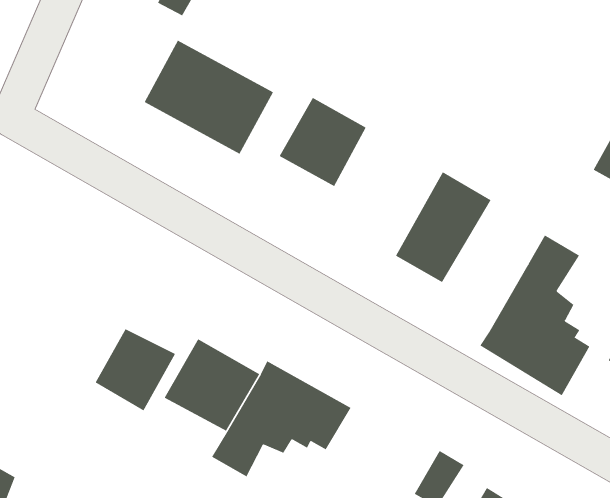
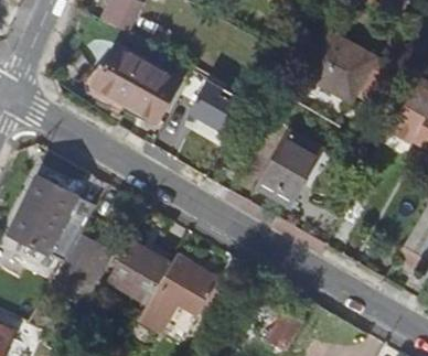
building: none -> [303,32,374,101]
building: [479,234,590,396] -> none
building: none -> [9,175,96,258]

